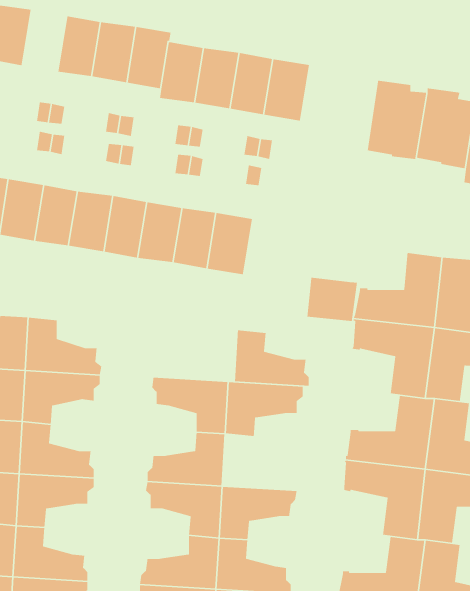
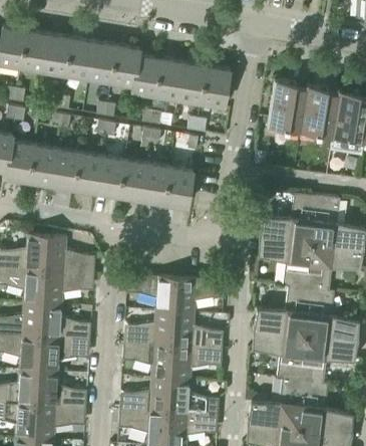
building: none -> [43,34,72,75]
building: [307,277,358,322] -> none
building: [234,329,309,386] -> [173,311,223,349]

